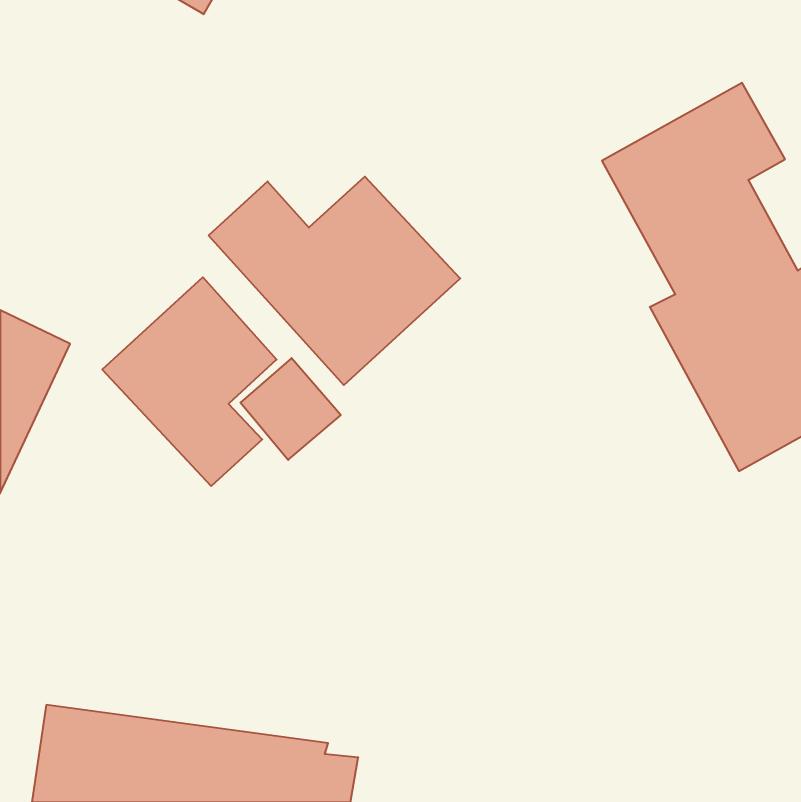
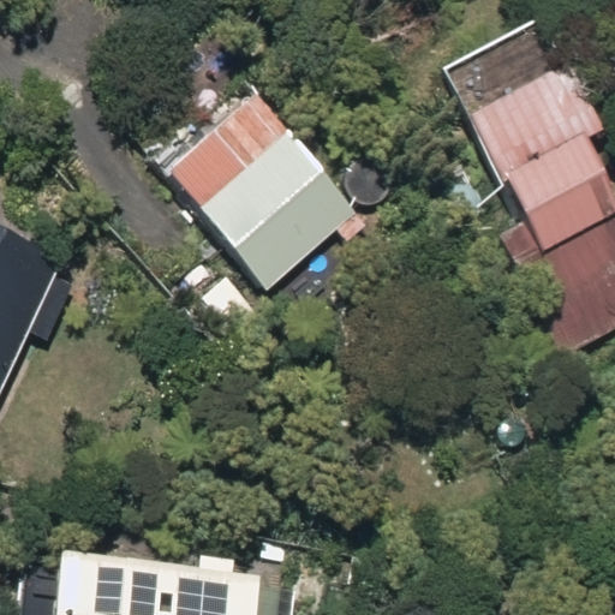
building: [102,277,277,486] -> none

